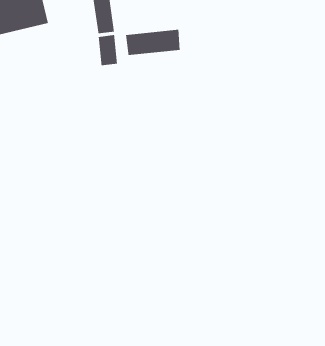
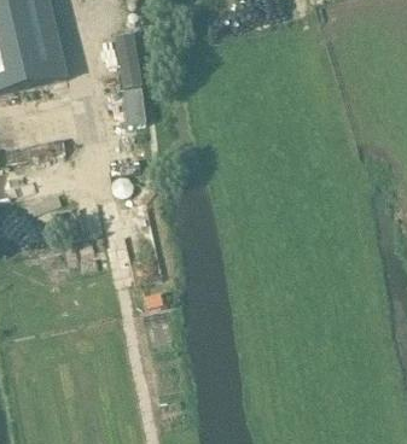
building: [125,29,181,56] -> none

